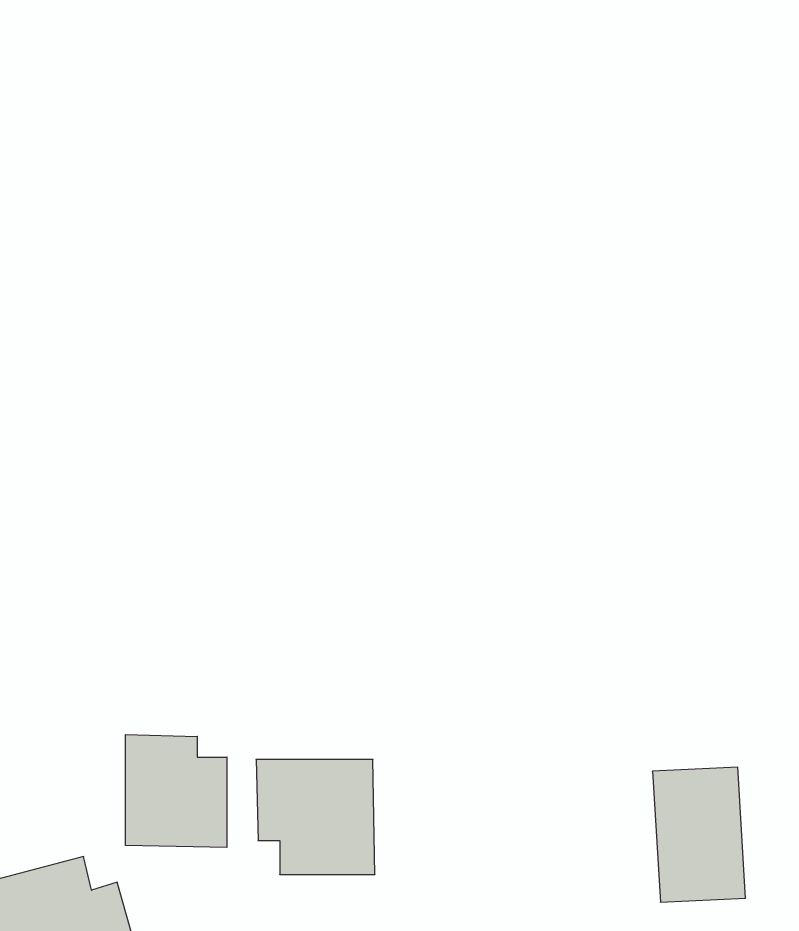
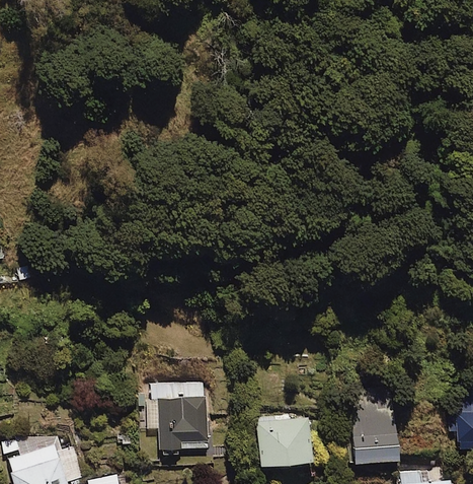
building: [125,735,227,847] -> none
building: none -> [258,421,312,464]

